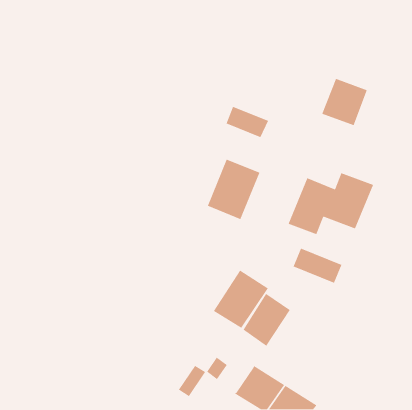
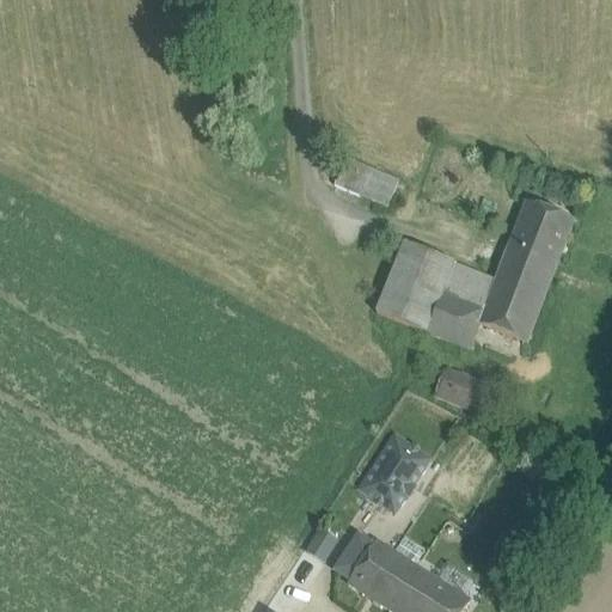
building: [321,78,368,126] -> [504,201,574,273]
building: [207,159,260,220] -> [375,240,454,331]
building: [213,270,269,329] -> none
building: [178,365,206,397] -> [332,532,374,580]

